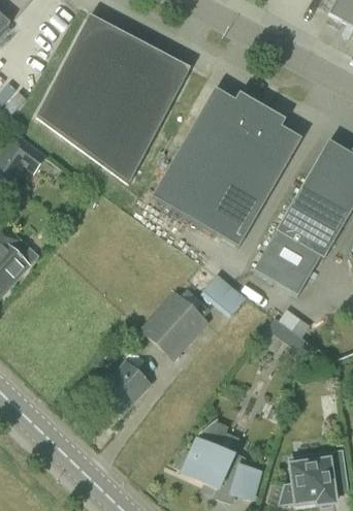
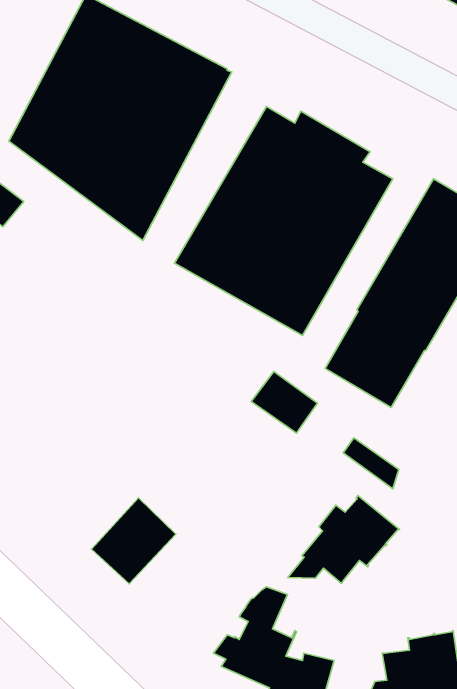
building: [138,289,210,360] -> none
building: none -> [288,495,399,584]

